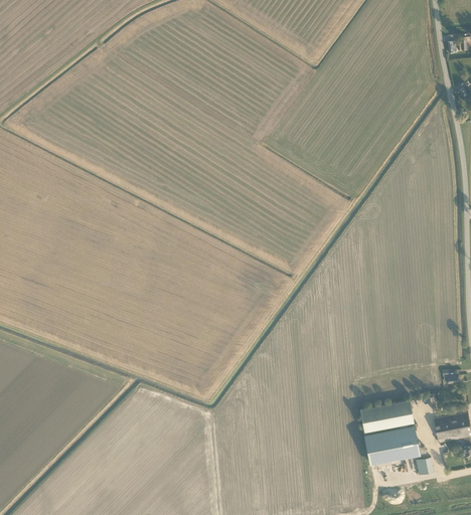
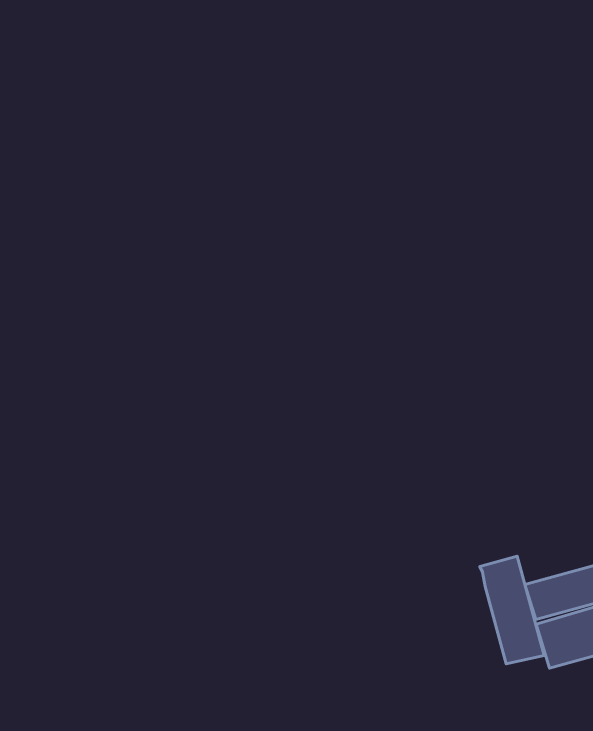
building: none -> [480,556,544,664]

